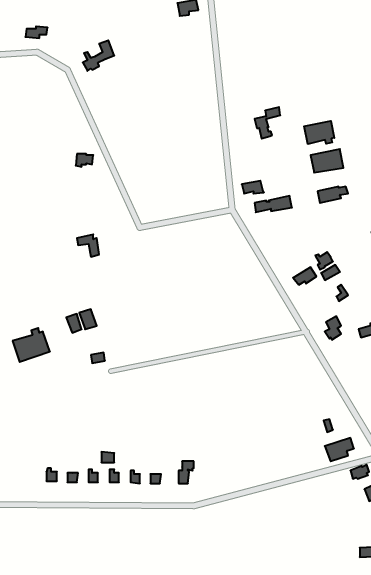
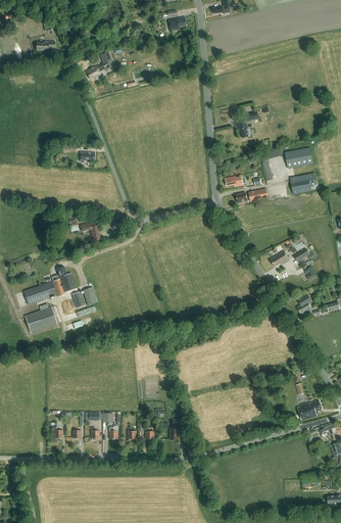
building: [304,121,334,144] -> none
building: none -> [23,266,76,304]

